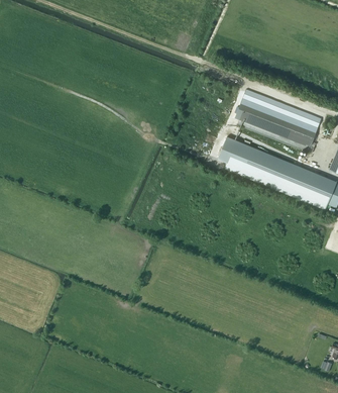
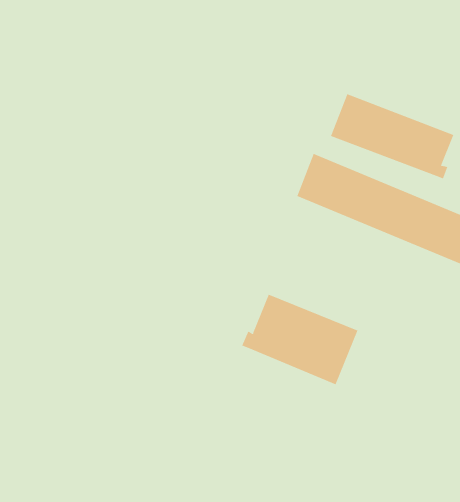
building: none -> [242,294,358,385]

